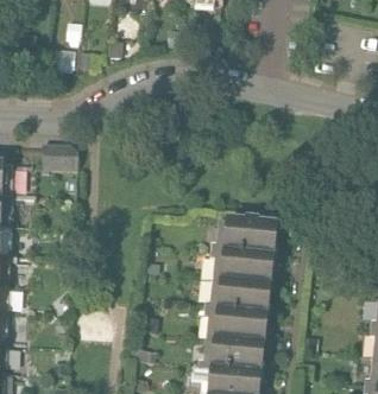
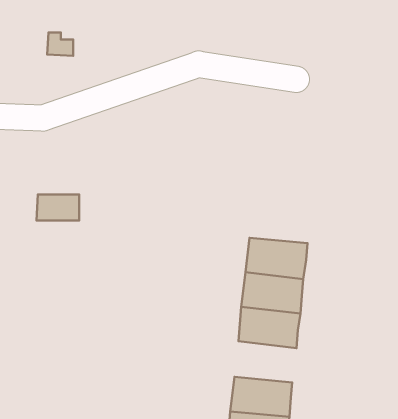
building: [43,141,80,164] -> [36,194,79,221]
building: [213,306,266,342] -> none

